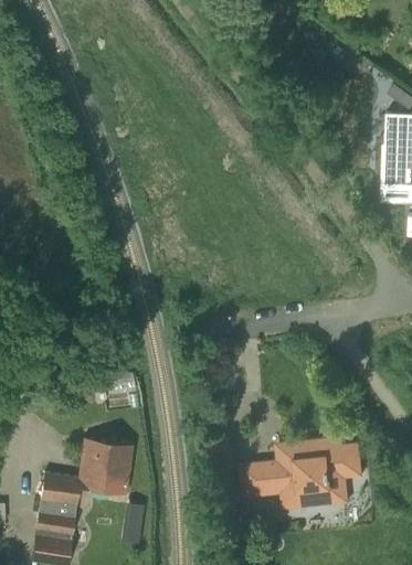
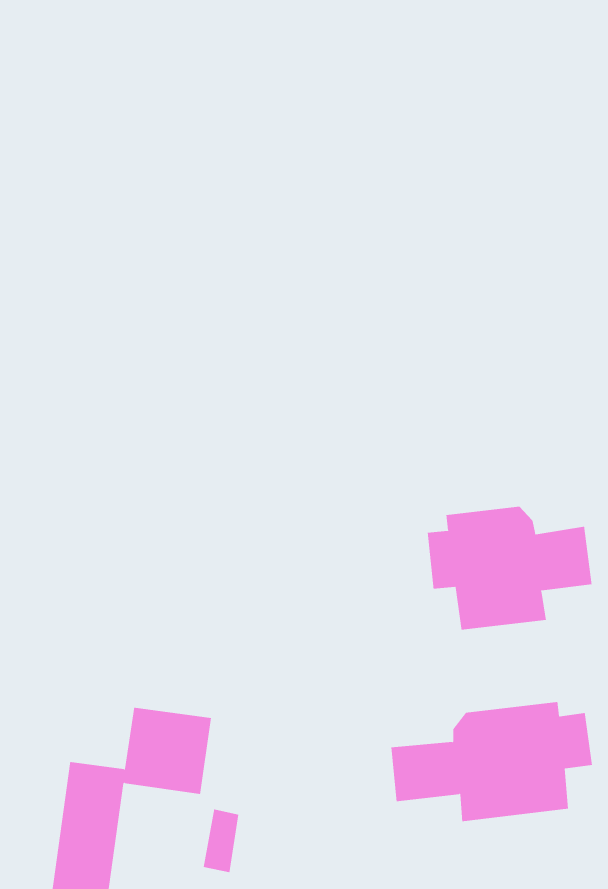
building: none -> [427,506,592,631]

